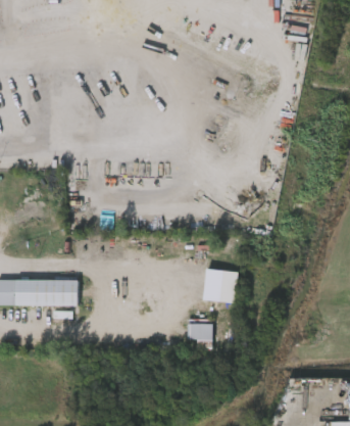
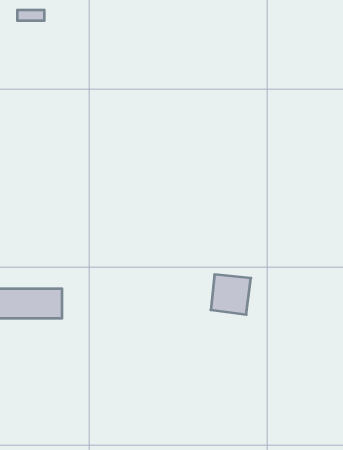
building: [186,324,211,340] -> none

